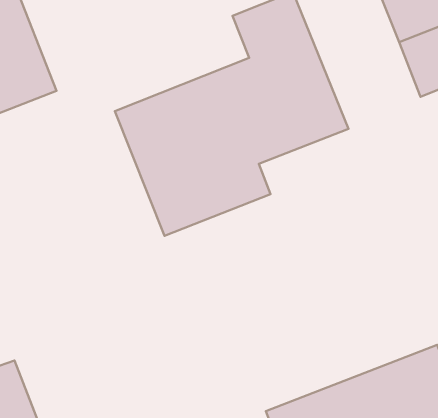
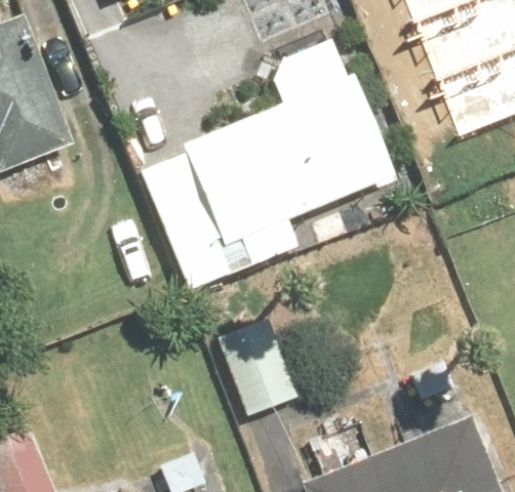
building: none -> [213,315,305,423]

